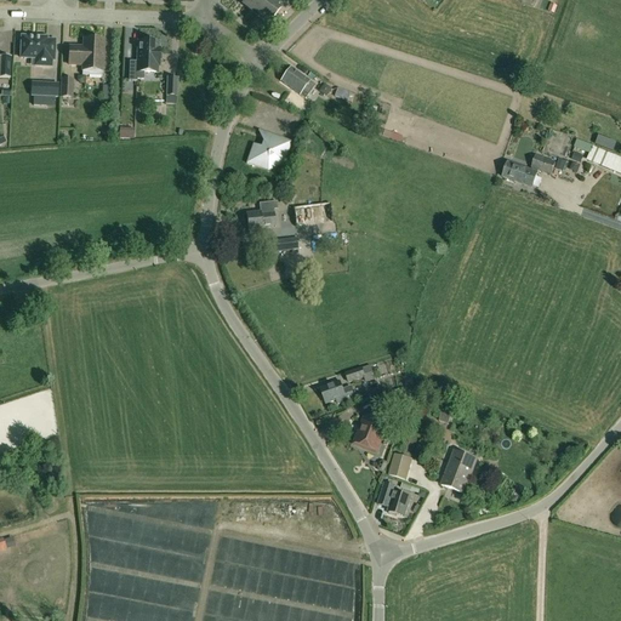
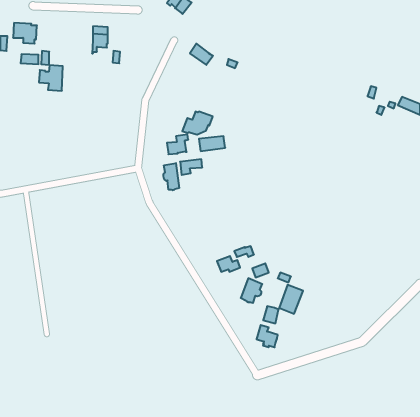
building: [68,36,103,74] -> [39,65,63,91]
building: [246,132,291,166] -> [182,112,213,135]
building: [502,154,556,186] -> none
building: none -> [163,163,179,190]
building: [441,449,477,491] -> [279,285,303,314]

